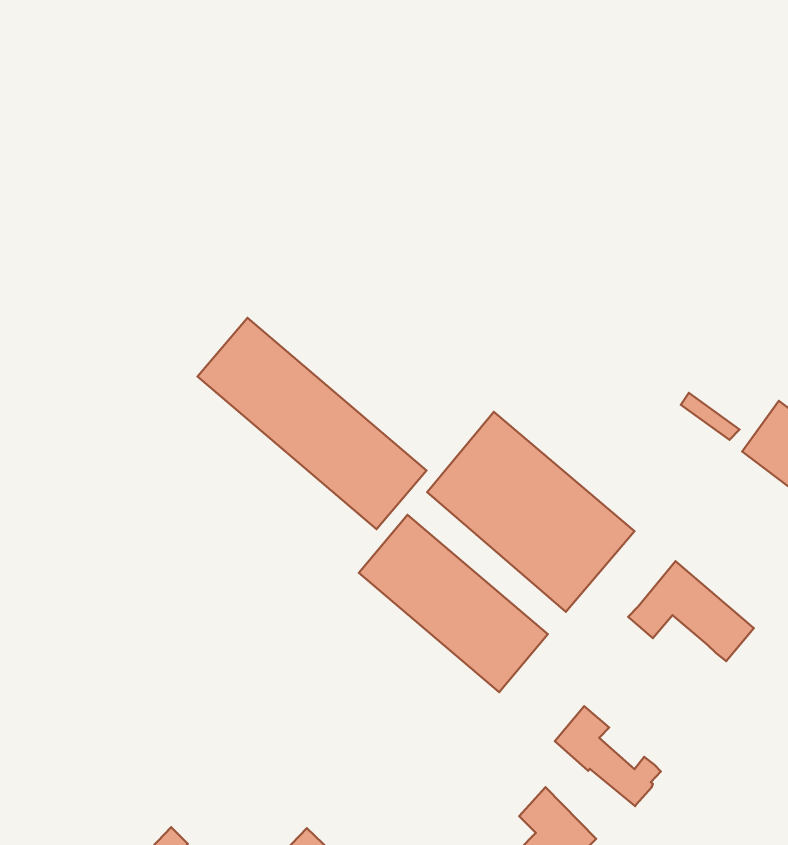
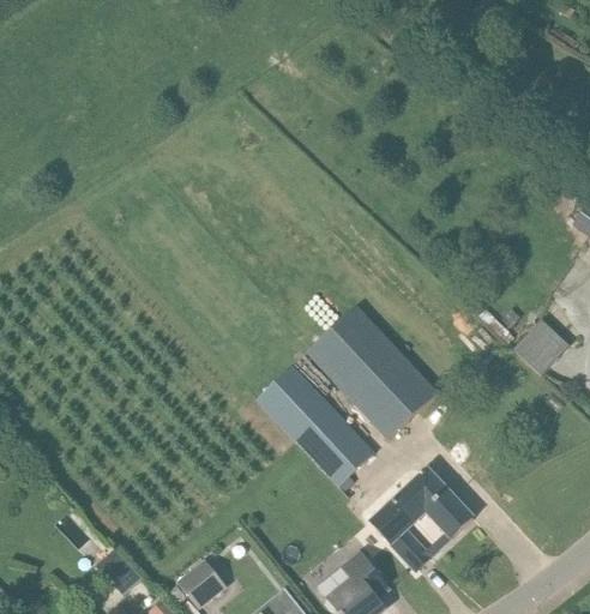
building: [197,318,426,529] -> none
building: [628,561,754,661] -> [392,469,472,537]

